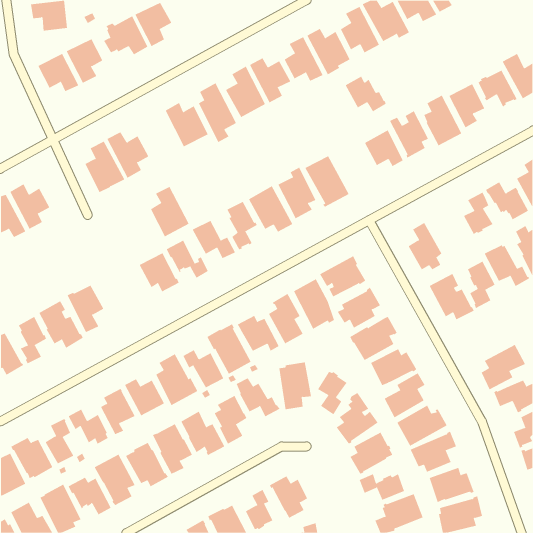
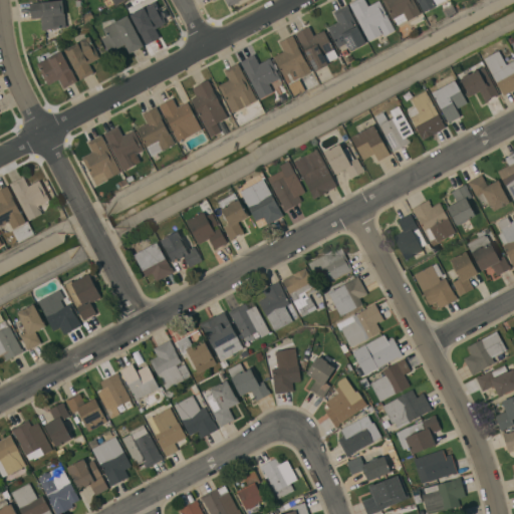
building: [345,76,387,113] -> [323,144,363,180]
building: [150,186,190,237] -> [137,107,175,157]
building: none -> [411,200,455,243]

